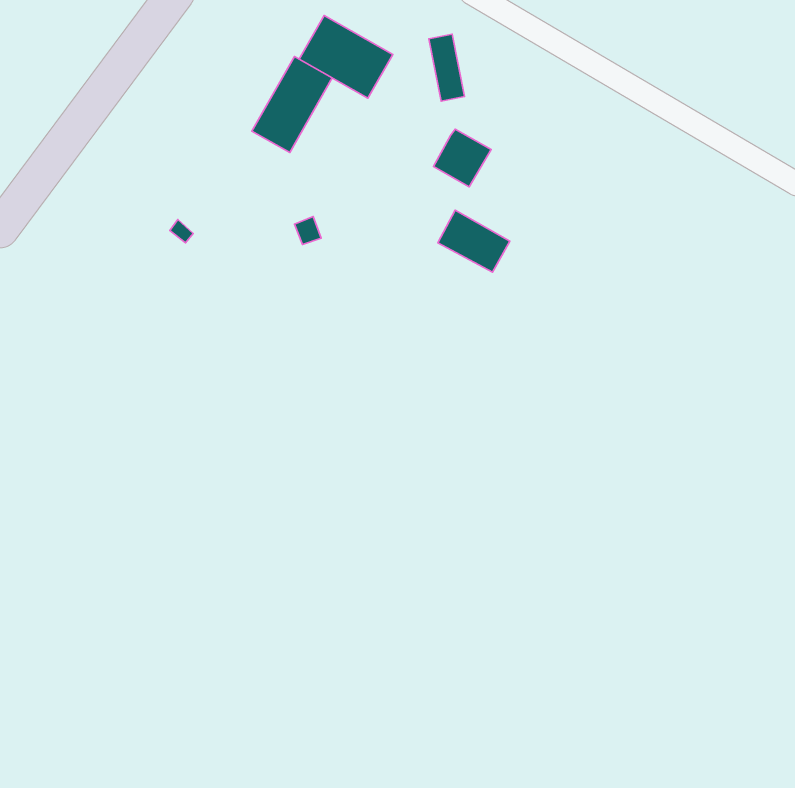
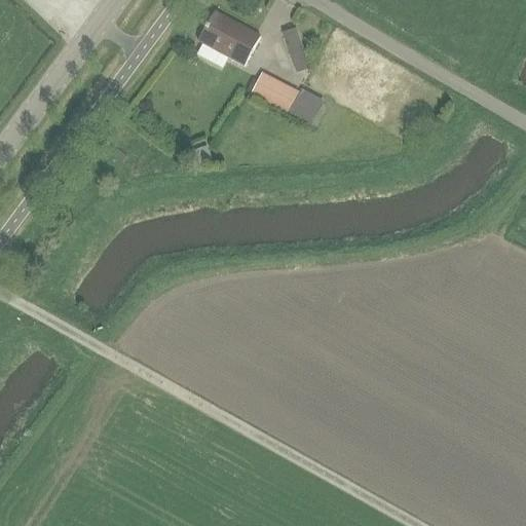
building: [252,57,332,152] -> none
building: [438,210,510,272] -> [251,69,298,110]

